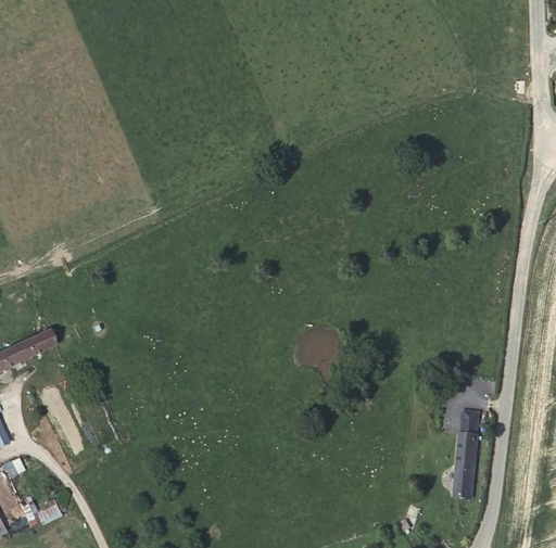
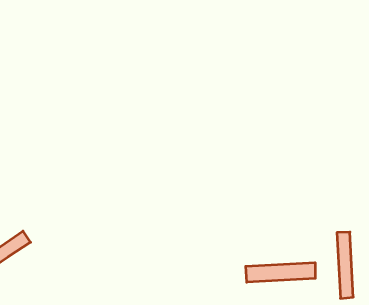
building: none -> [246,263,315,282]

